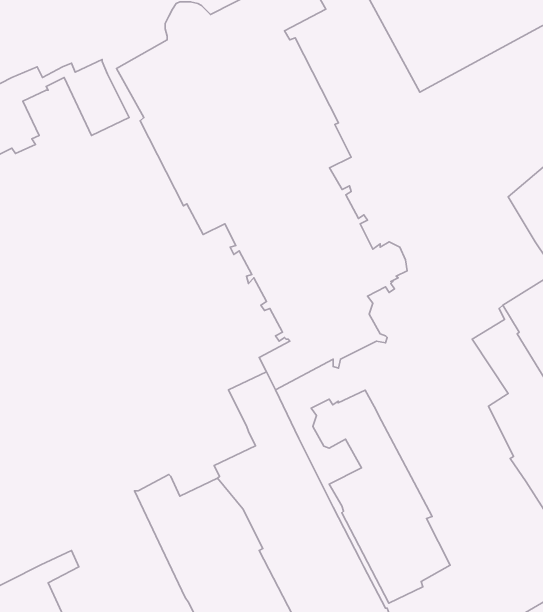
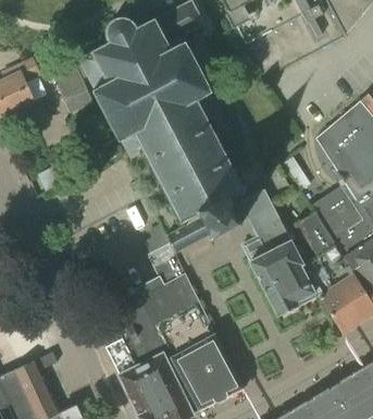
building: [311,390,450,603] -> [231,188,314,317]

